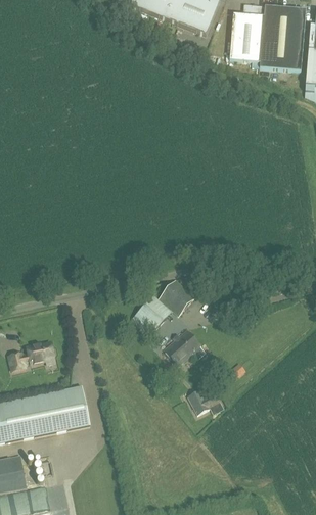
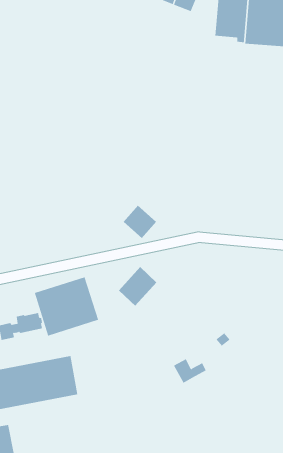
building: [160,279,194,314] -> [123,205,157,239]
building: none -> [34,276,99,336]
building: [165,329,200,364] -> none

